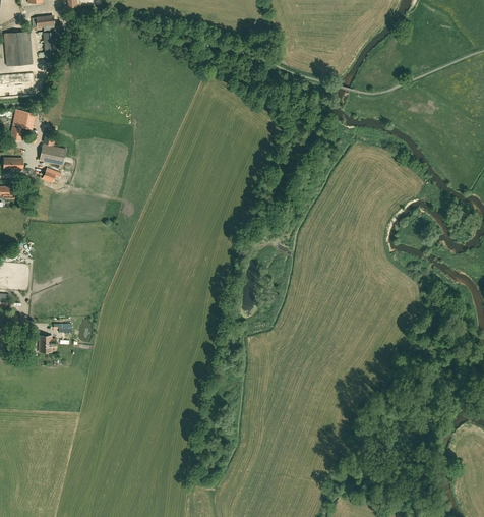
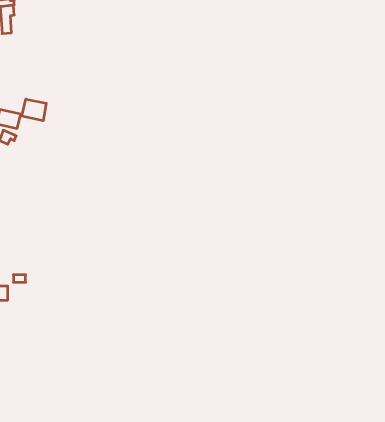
building: none -> [22,99,46,121]

